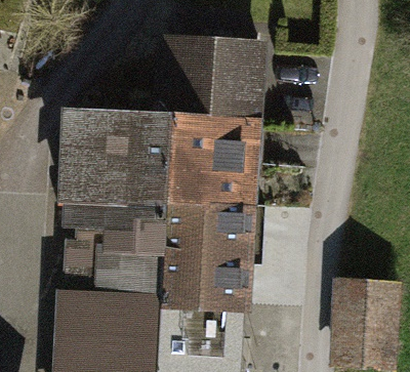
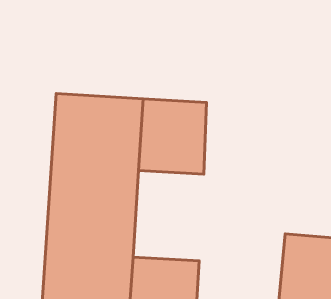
building: [178,44,255,124] -> none
building: [167,201,247,303] -> none

